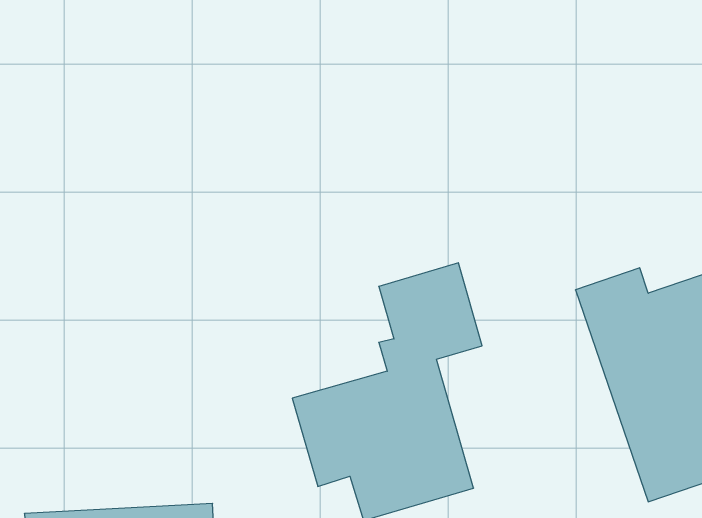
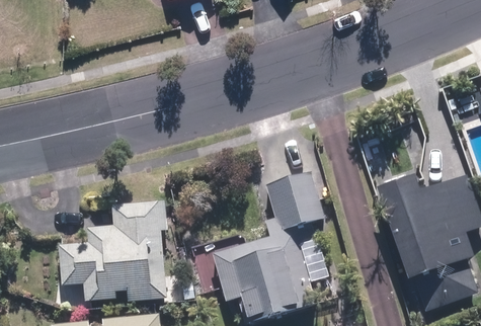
building: none -> [59,202,171,302]

